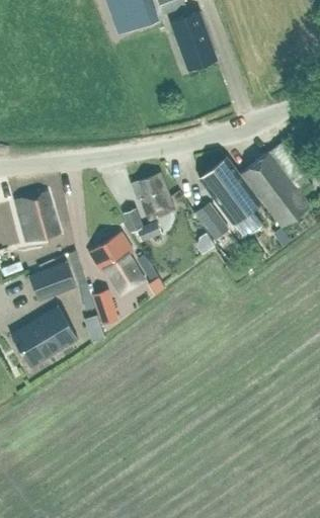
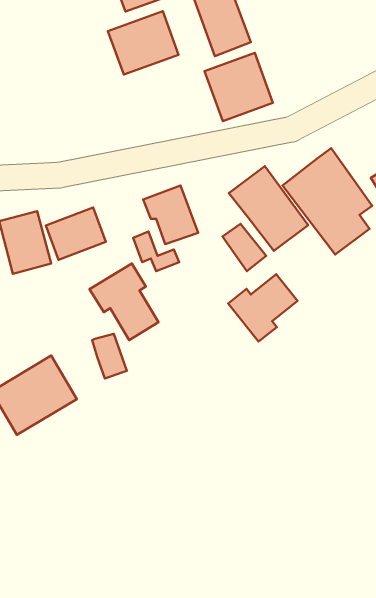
building: none -> [108,11,179,75]
building: none -> [204,53,273,121]
building: none -> [228,274,297,342]
building: [29,262,77,304] -> [46,207,106,260]

